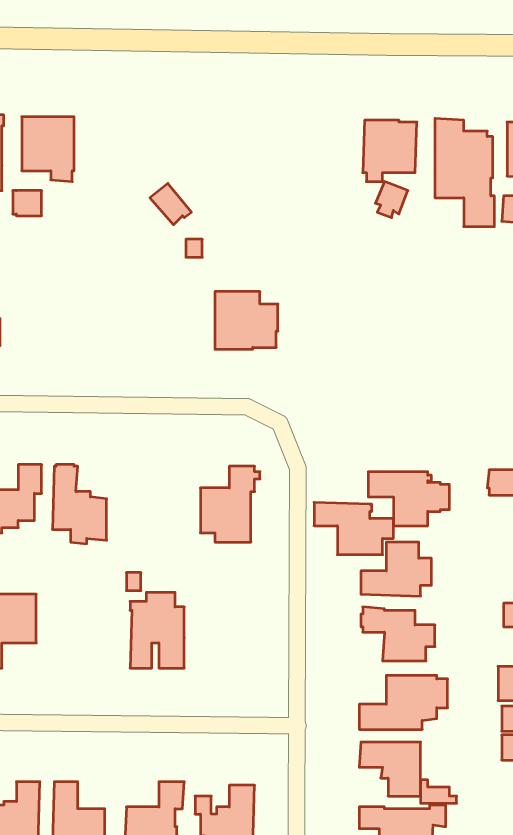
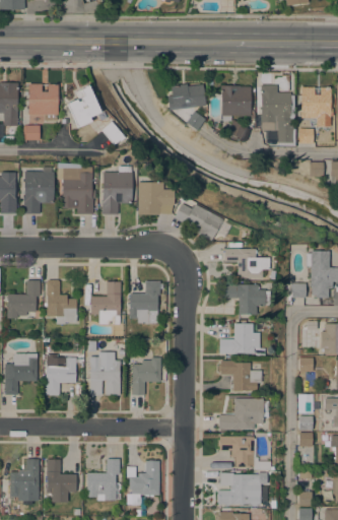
building: none -> [167,83,205,130]
building: none -> [67,84,100,127]
building: none -> [102,166,131,214]
building: none -> [23,167,54,213]
building: none -> [61,167,95,213]
building: none -> [173,203,221,240]
building: none -> [90,281,120,324]
building: [314,502,393,555] -> [223,248,268,277]
building: none -> [132,356,160,394]
building: none -> [45,358,75,394]

